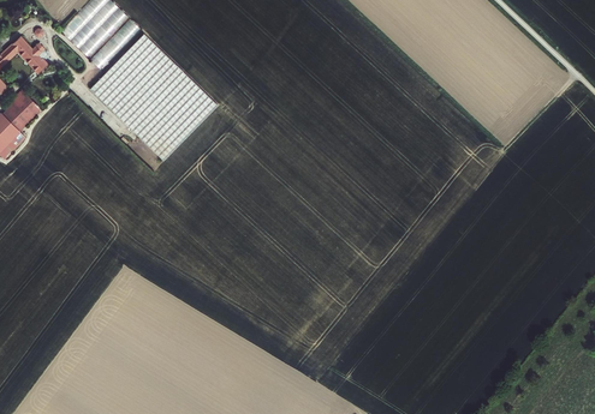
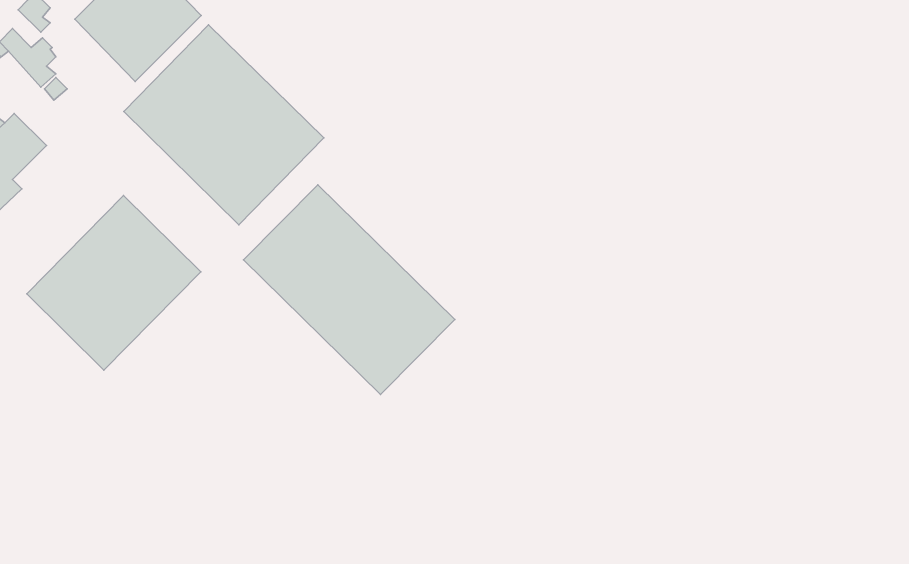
building: none -> [243,185,455,395]
building: none -> [27,195,201,370]

